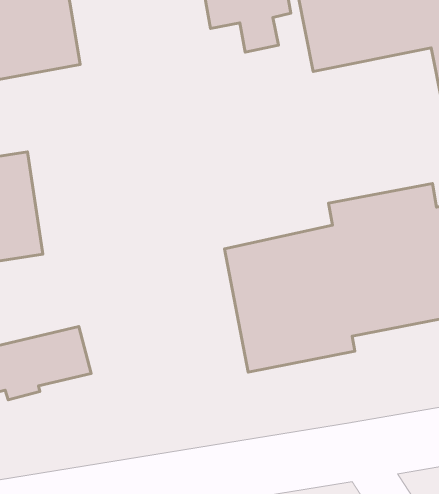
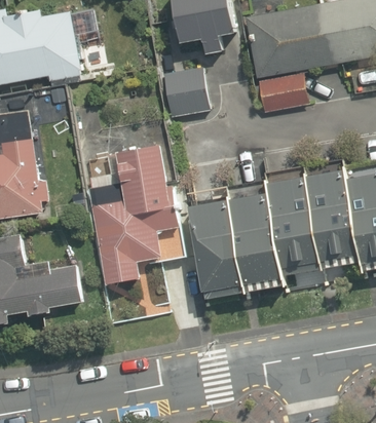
building: none -> [162,68,204,115]
building: none -> [258,73,306,113]
building: none -> [95,149,186,283]

